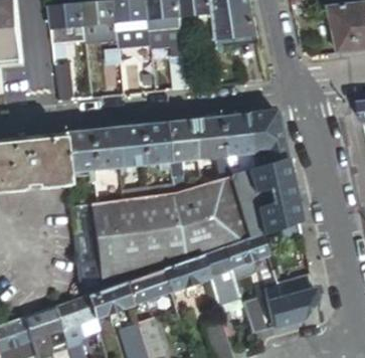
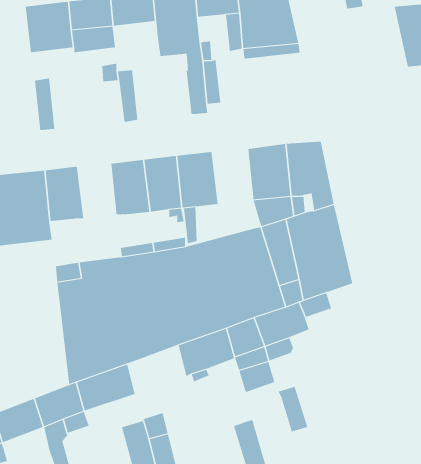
building: [116,18,151,47] -> none
building: [191,116,222,158] -> none
building: [88,127,118,169] -> none
building: [127,265,171,303] -> none
building: [263,273,316,326] -> none

